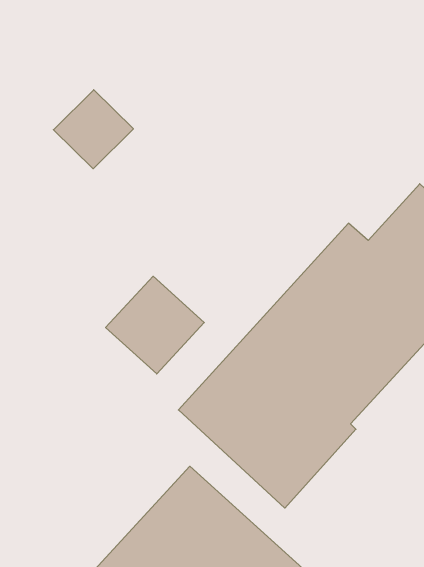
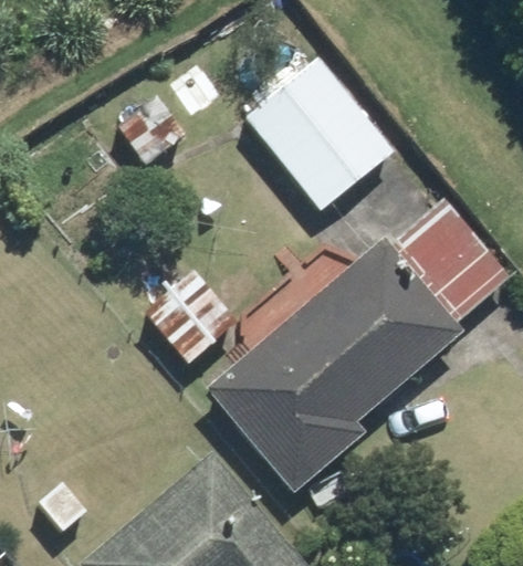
building: none -> [239,53,396,214]

